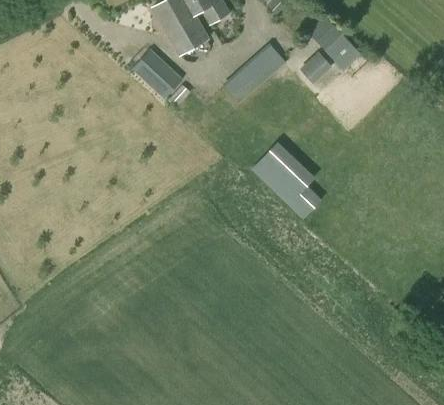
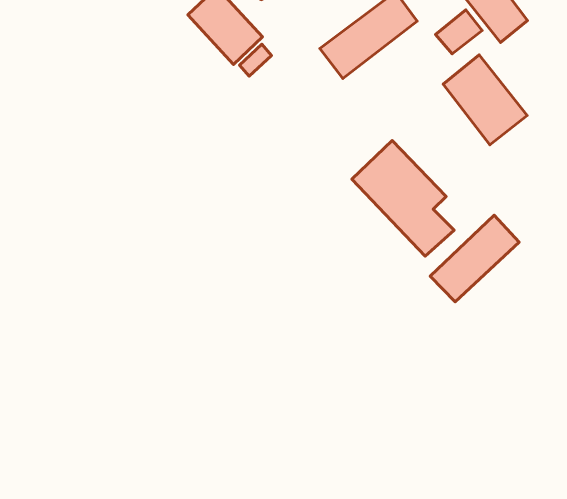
building: none -> [443,55,527,145]
building: none -> [430,215,519,302]

